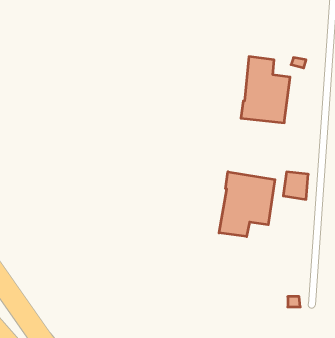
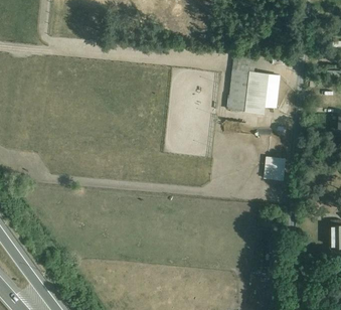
building: [219,172,275,237] -> none

